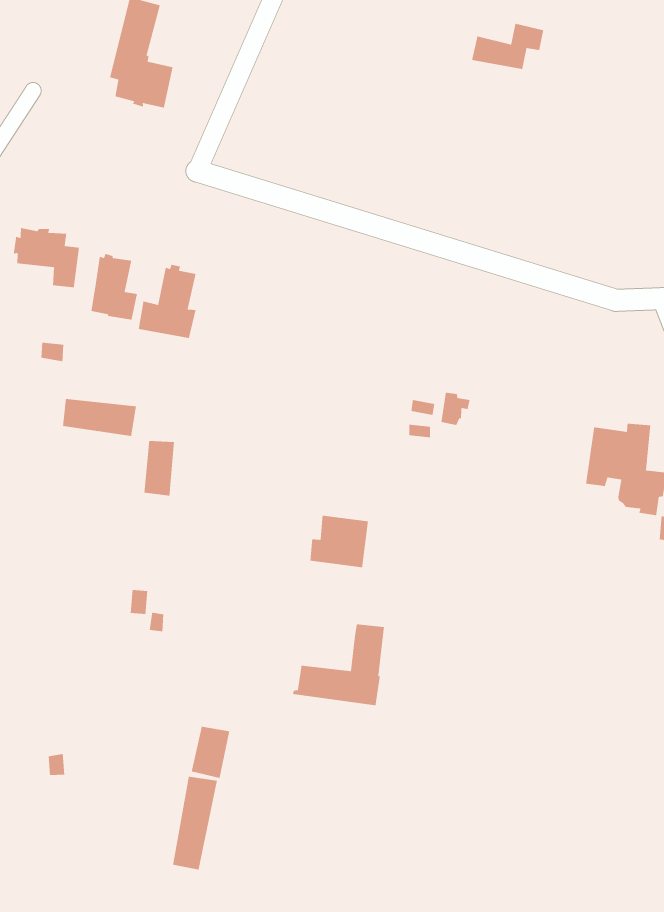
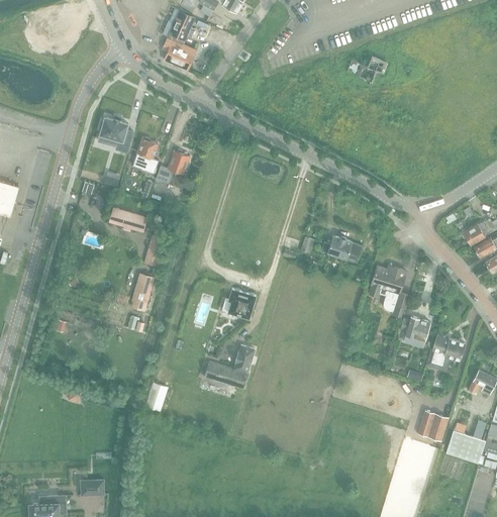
building: none -> [321,234,363,262]
building: none -> [131,273,155,310]
building: [172,776,218,871] -> none

